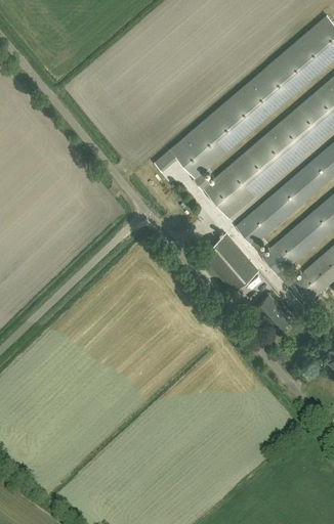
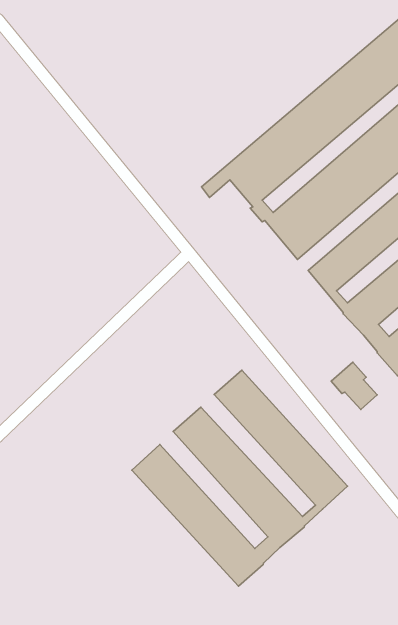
building: [201,234,257,293] -> none
building: none -> [132,370,347,586]

